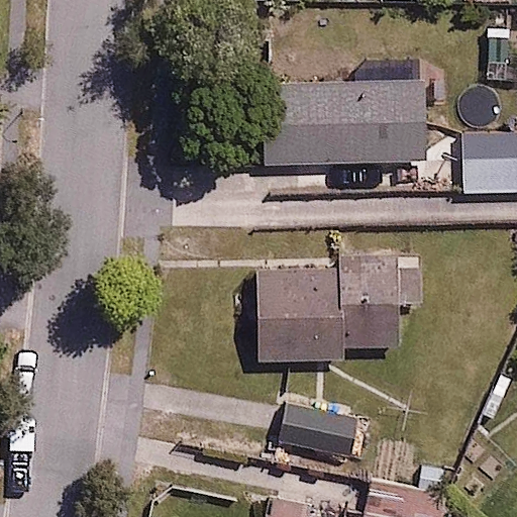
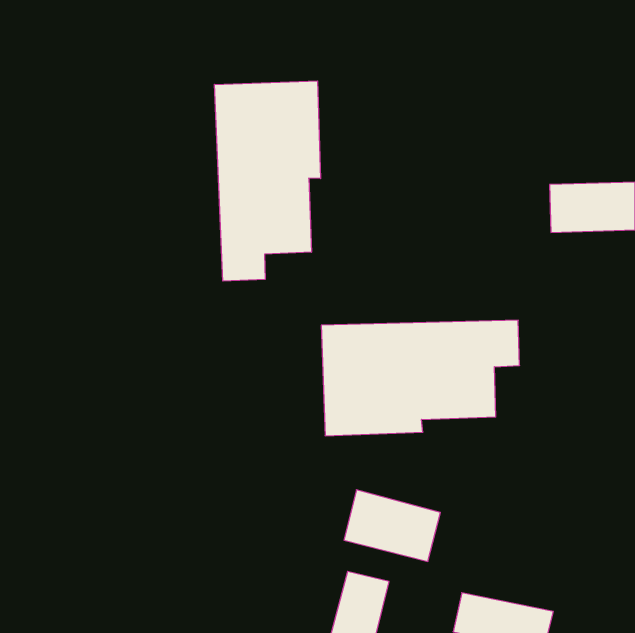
building: none -> [214,81,321,281]
building: [280,81,426,163] -> none

